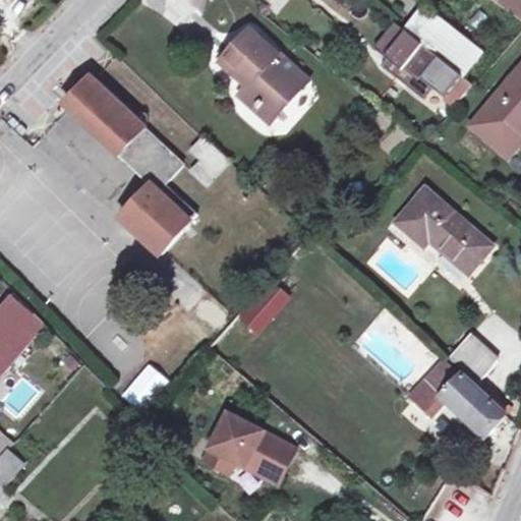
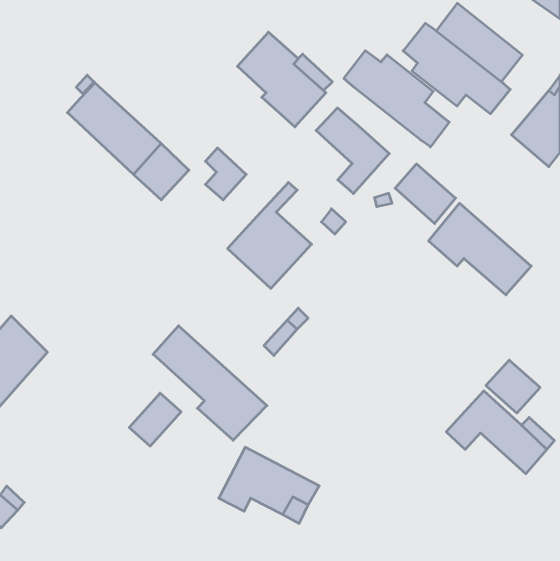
building: none -> [344,51,449,147]
building: none -> [316,108,389,194]
building: none -> [395,164,456,224]
building: [118,157,195,254] -> [228,182,312,288]
building: none -> [153,326,267,440]

